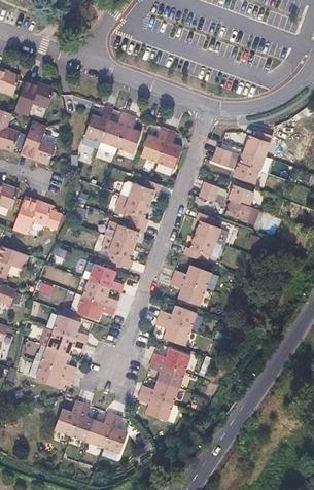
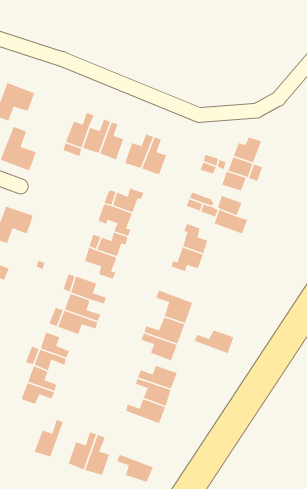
building: [172,266,211,289] -> [194,329,235,354]
building: [137,393,173,421] -> [116,454,154,483]
building: [69,404,93,444] -> none

